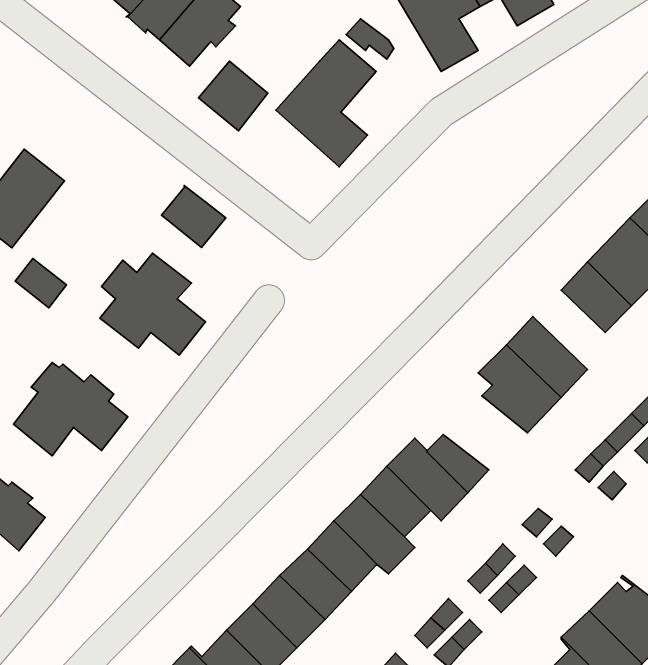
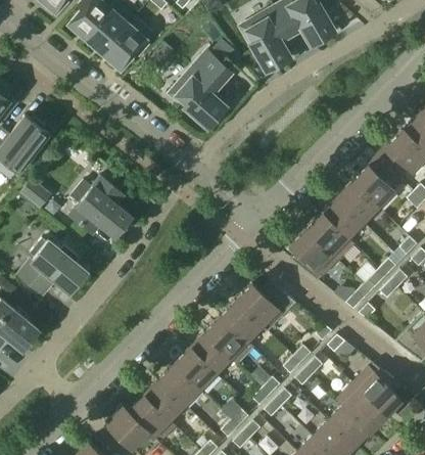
building: [199,61,268,131] -> none
building: [162,186,226,248] -> none
building: none -> [321,197,363,243]

